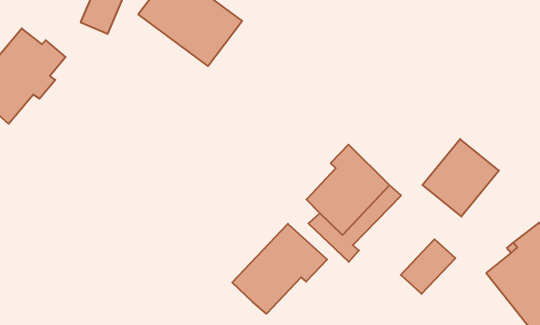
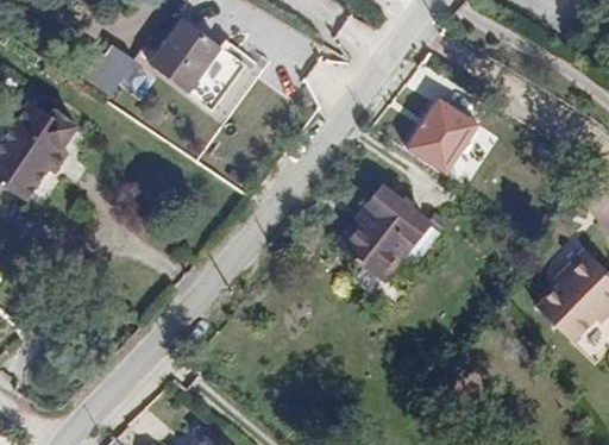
building: [422,139,499,217] -> [403,95,482,176]
building: [232,224,327,314] -> none
building: [401,239,455,294] -> none

